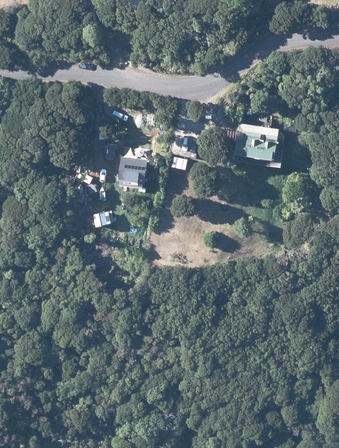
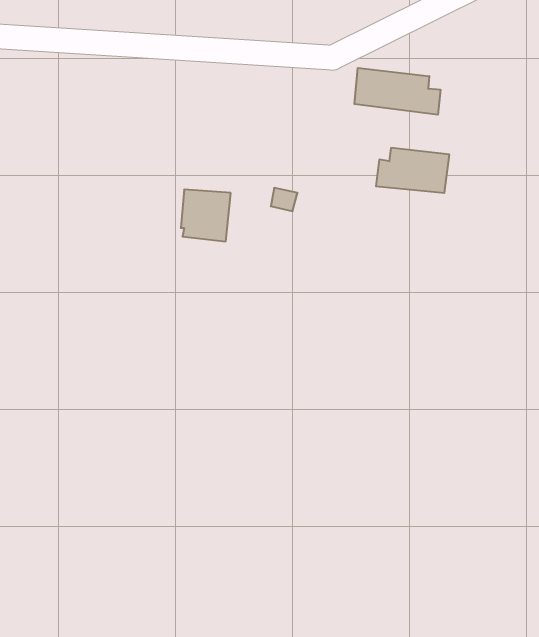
building: none -> [354,68,440,115]

